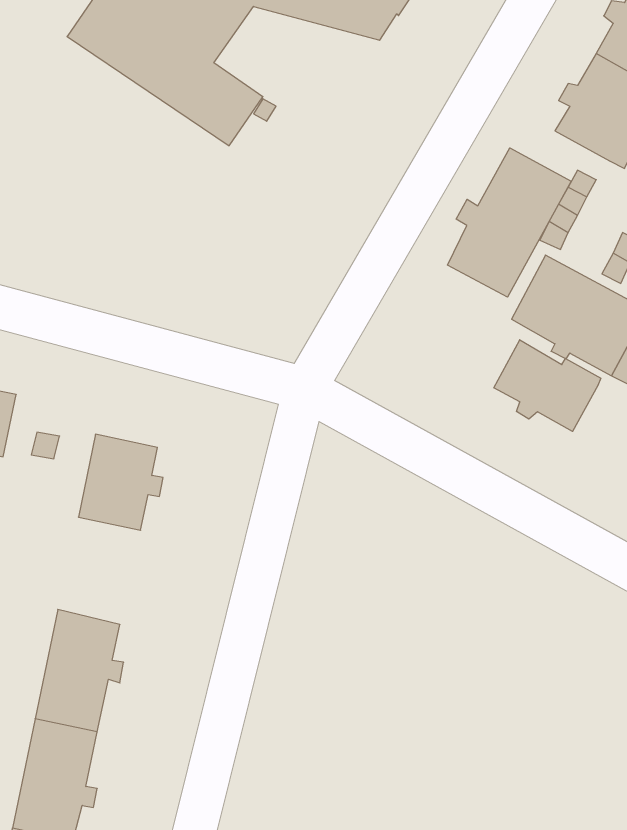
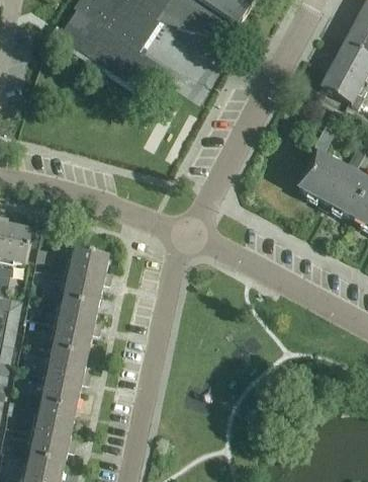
building: [448,148,571,297] -> none
building: [494,340,601,431] -> none
building: none -> [55,294,101,351]

